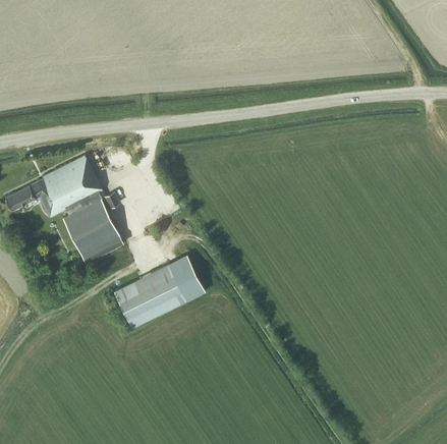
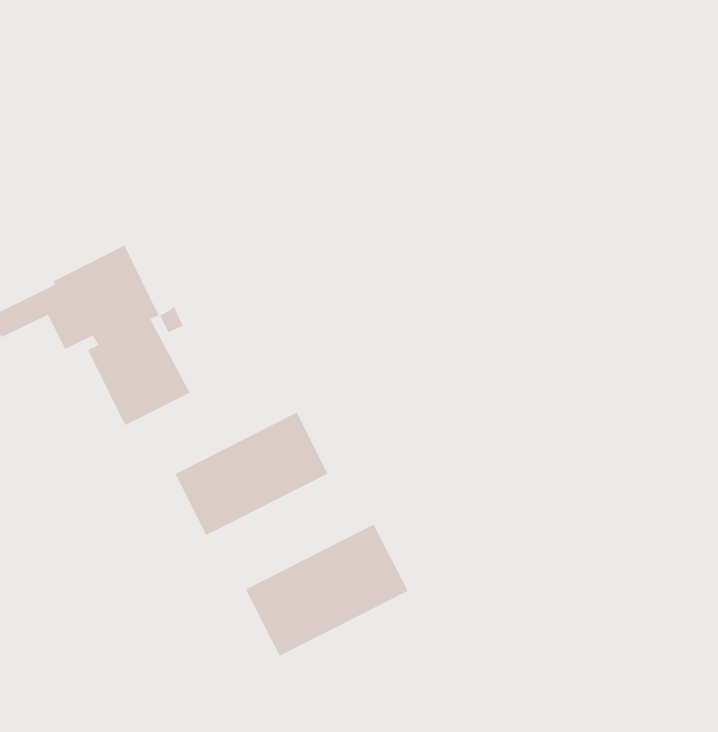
building: none -> [245,524,408,656]

